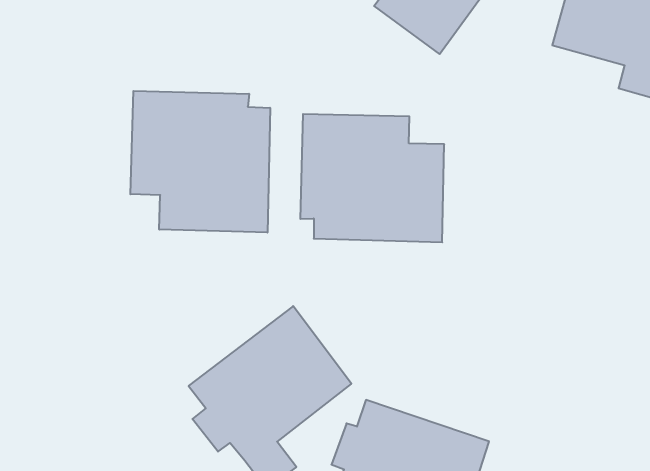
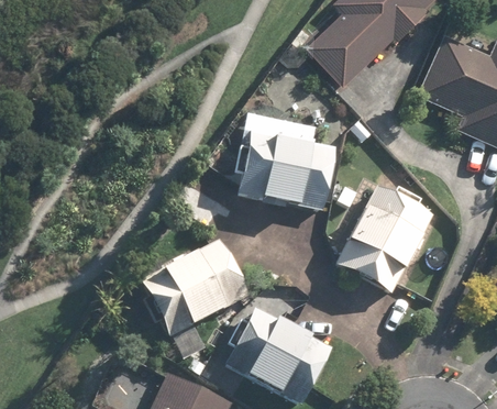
building: [130,91,270,233] -> none
building: none -> [335,184,435,295]

